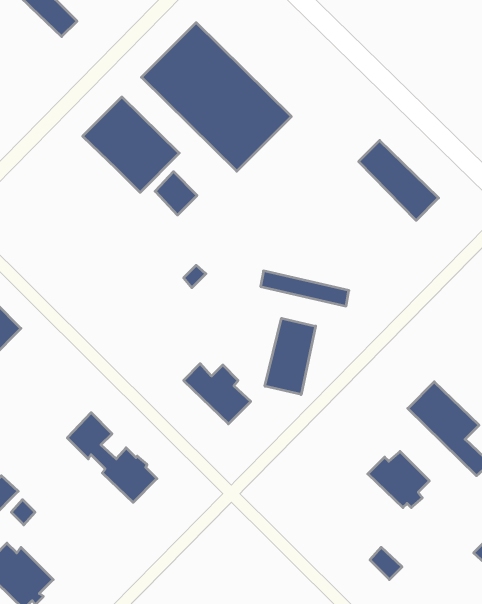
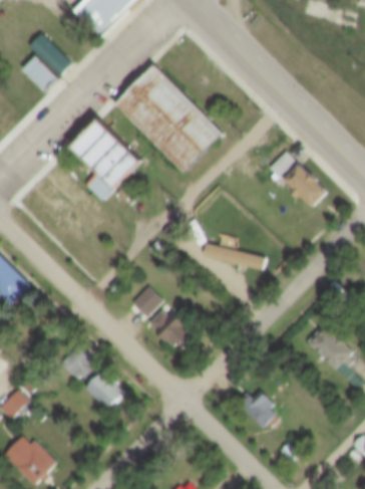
building: none -> [23,54,58,89]
building: [155,172,197,215] -> [84,170,114,201]
building: [265,318,316,395] -> none
building: none -> [129,286,160,317]
building: [368,451,429,508] -> [237,390,281,430]

